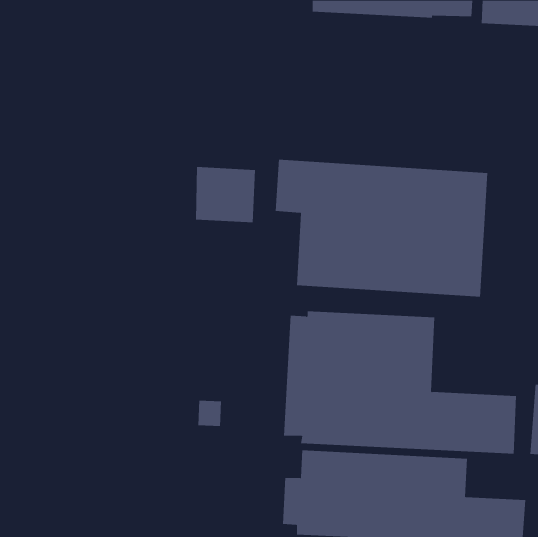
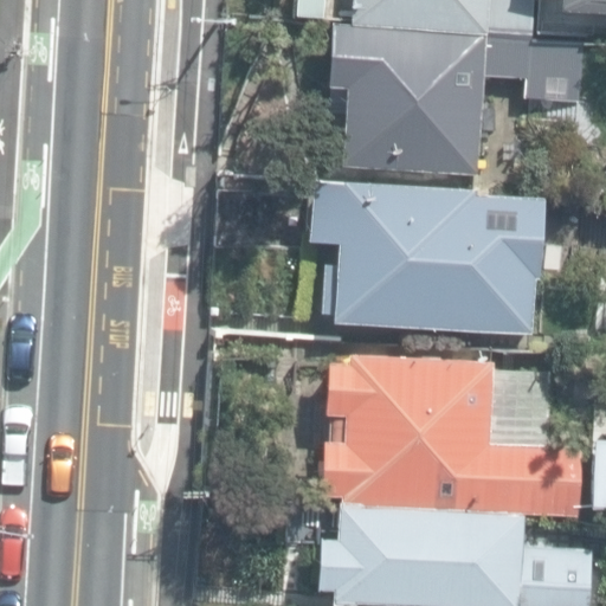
building: none -> [328,22,582,172]

